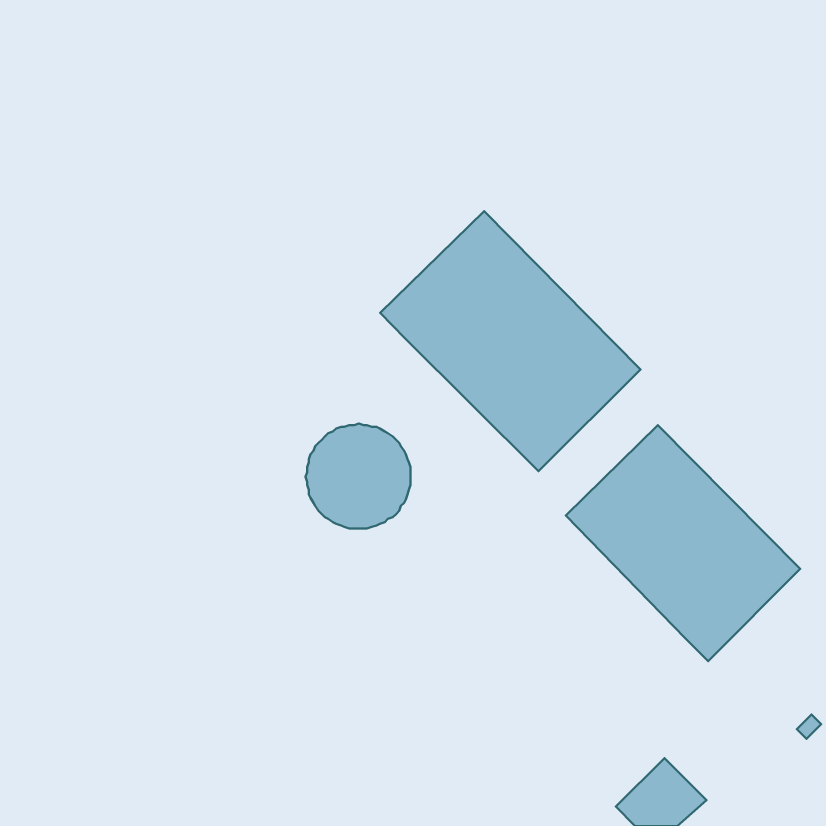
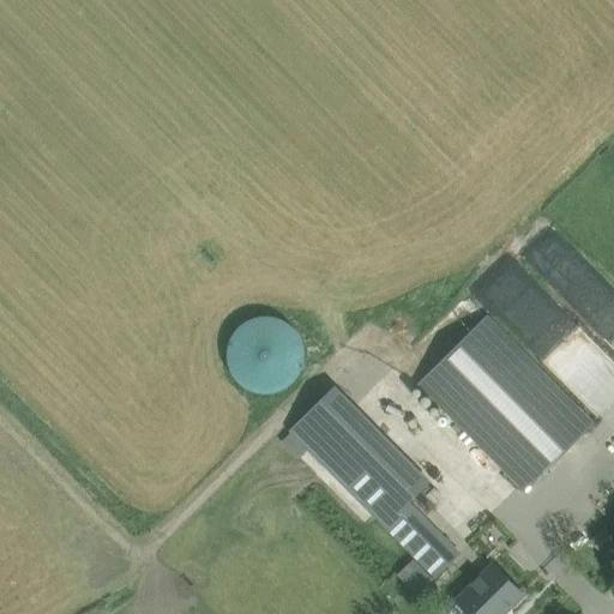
building: [380,211,641,471] -> none
building: none -> [282,386,459,595]

